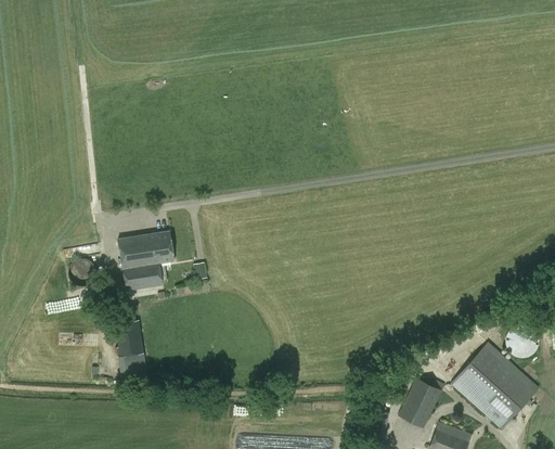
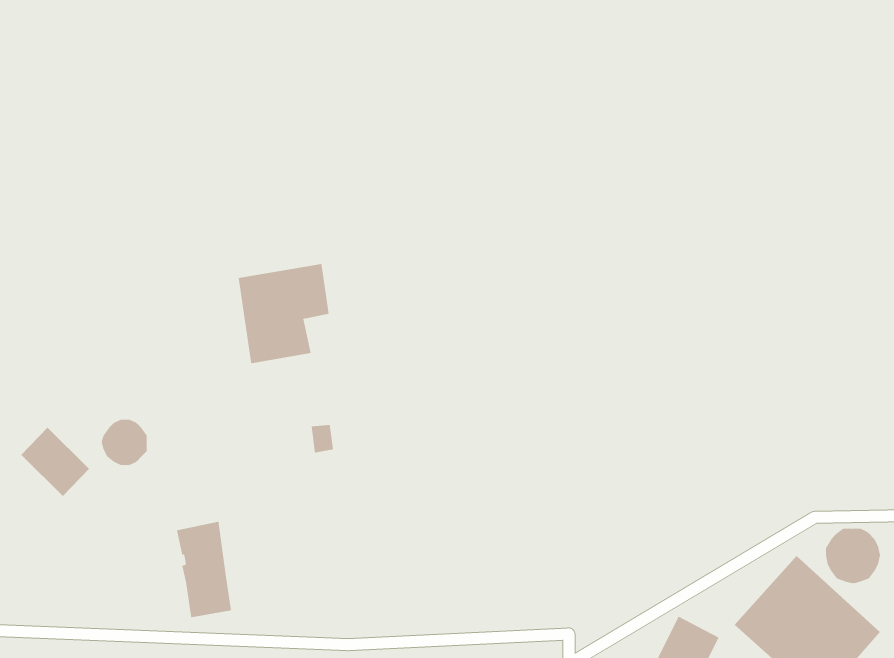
building: [118,230,173,291] -> [238,264,329,364]
building: none -> [21,427,90,497]

